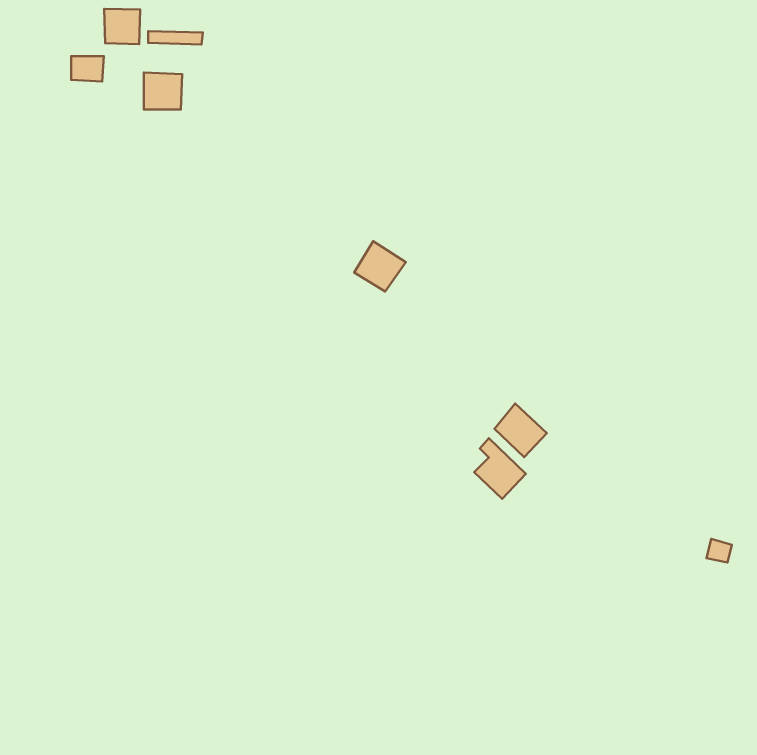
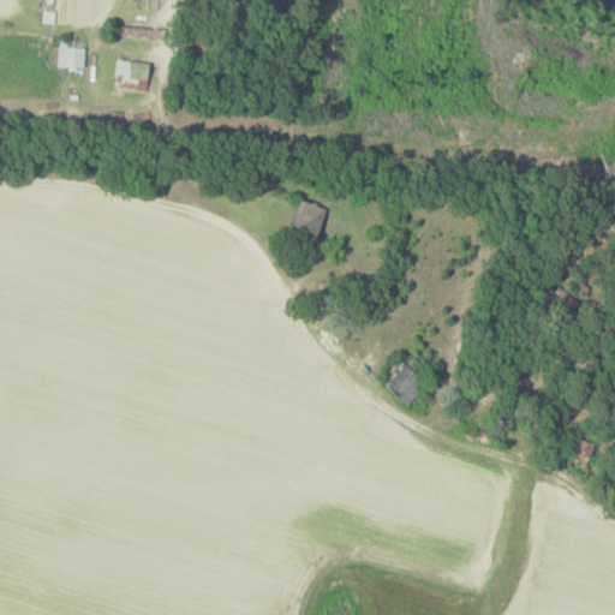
building: [104,9,140,44] -> none
building: [494,404,547,457] -> none

